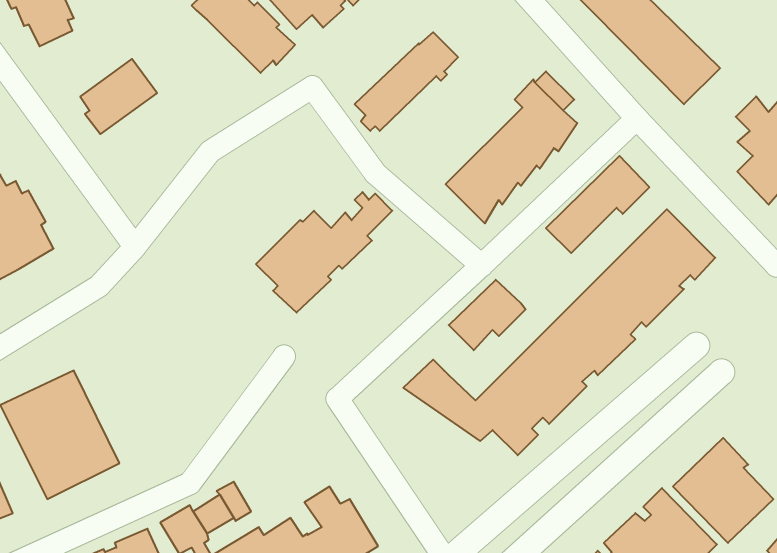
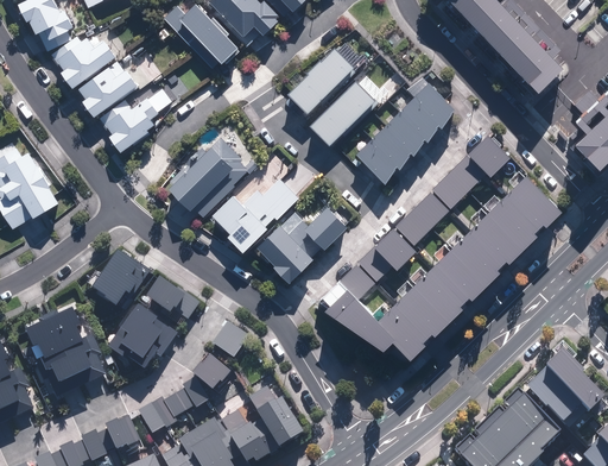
building: none -> [50,36,116,89]
building: none -> [308,75,400,147]
building: none -> [100,88,172,153]
building: none -> [167,138,248,218]
building: none -> [393,189,450,246]
building: none -> [254,207,347,284]
building: none -> [93,253,151,311]
building: none -> [340,263,376,301]
building: none -> [147,281,201,322]
building: none -> [108,307,178,374]
building: none -> [211,322,251,361]
building: none -> [192,357,232,393]

